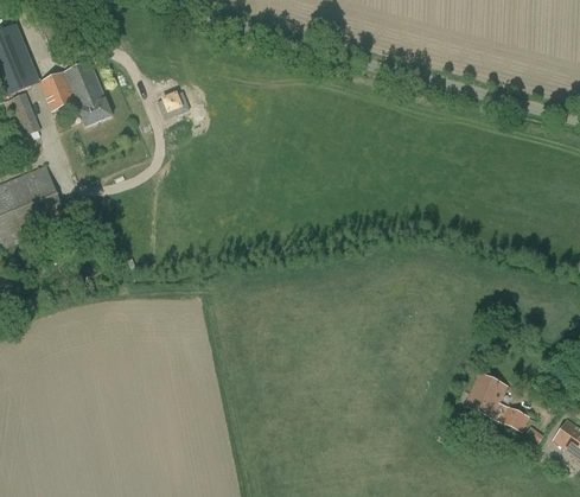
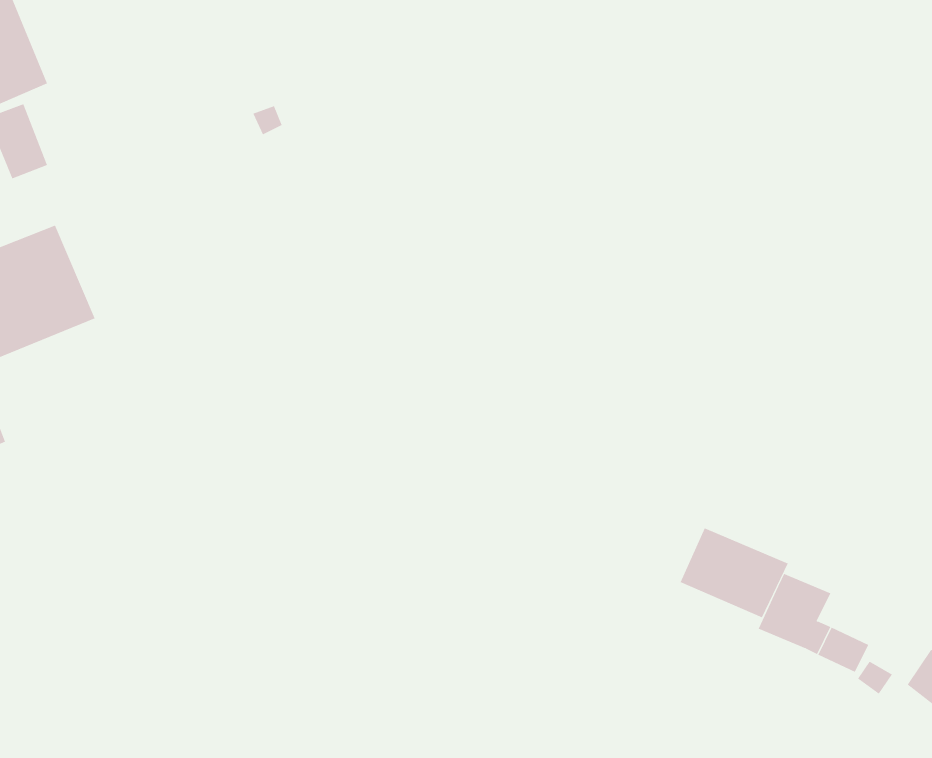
building: [40,60,111,125] -> none
building: none -> [680,527,788,618]

